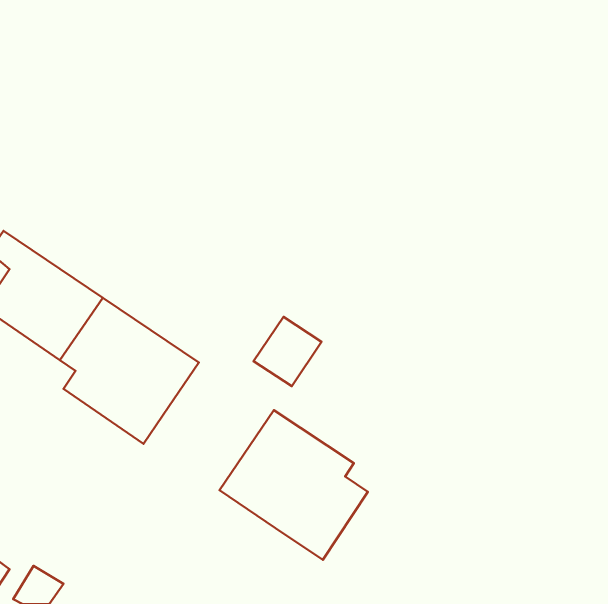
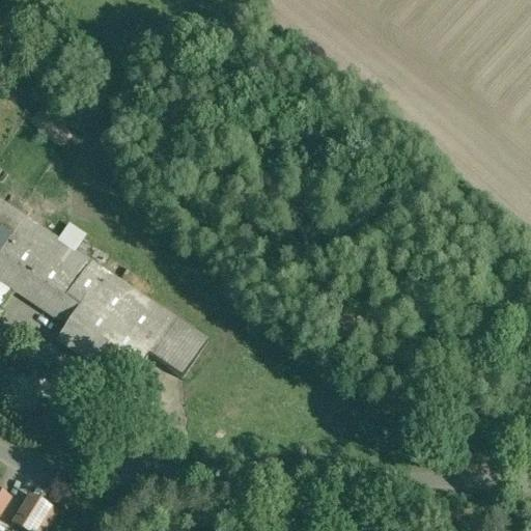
building: [253,317,322,386] -> [146,314,205,374]
building: [219,410,368,560] -> none

